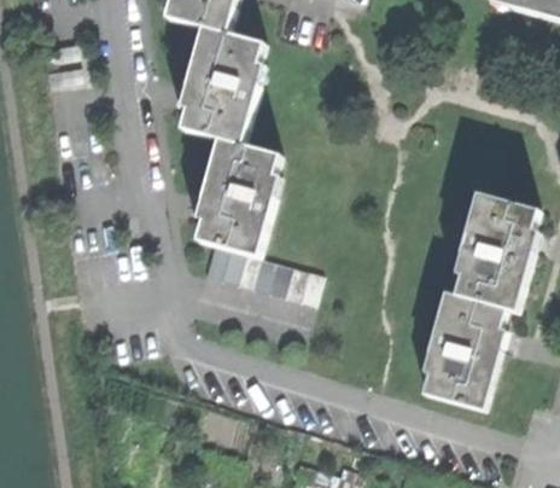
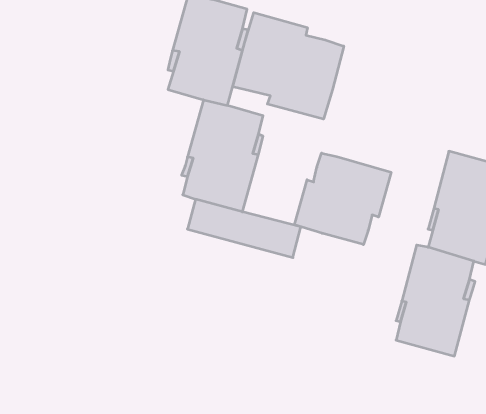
building: none -> [233,13,344,119]
building: none -> [295,153,391,245]

